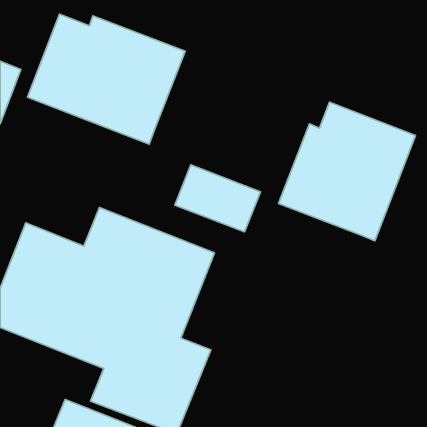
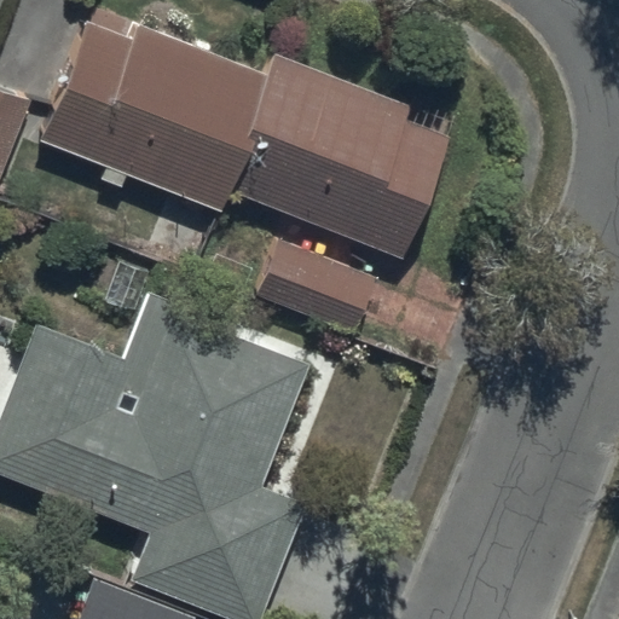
building: none -> [224,54,450,259]
building: [278,102,415,241] -> none

